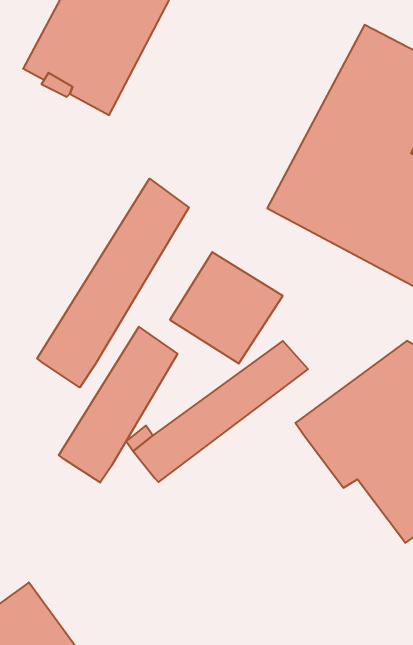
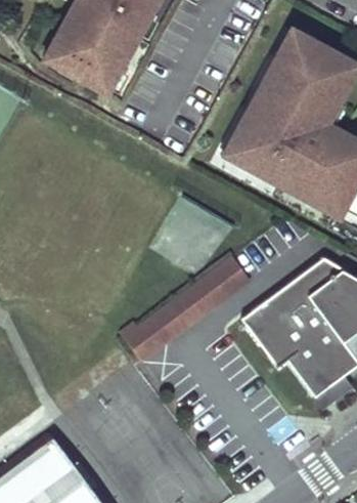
building: [37,179,189,387] -> none
building: [59,327,177,483] -> none

